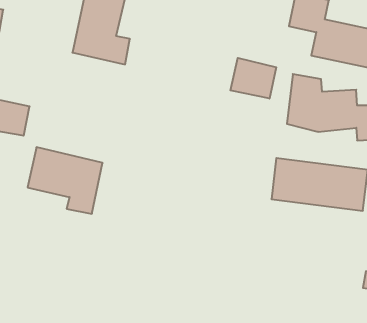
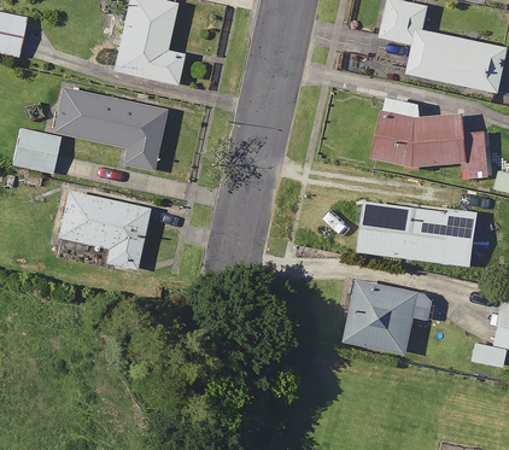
building: [230,58,276,99] -> none
building: none -> [52,84,166,170]
building: none -> [345,280,434,353]

